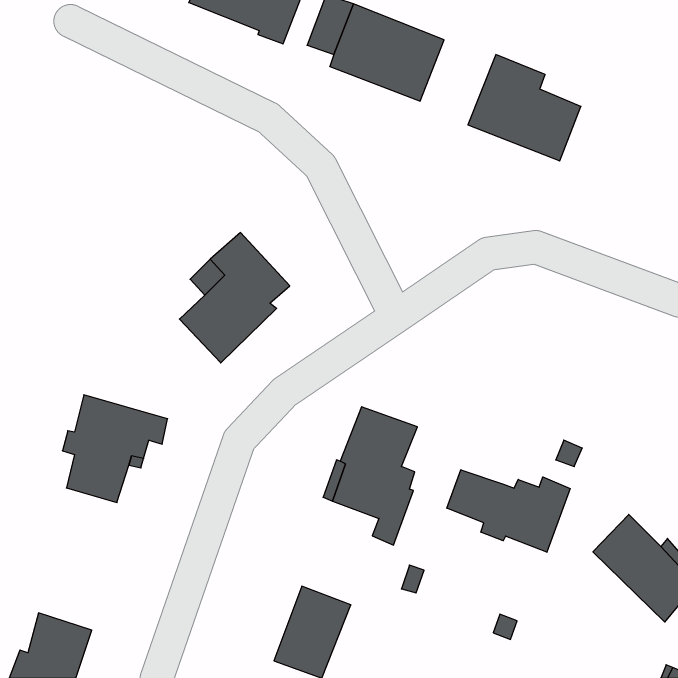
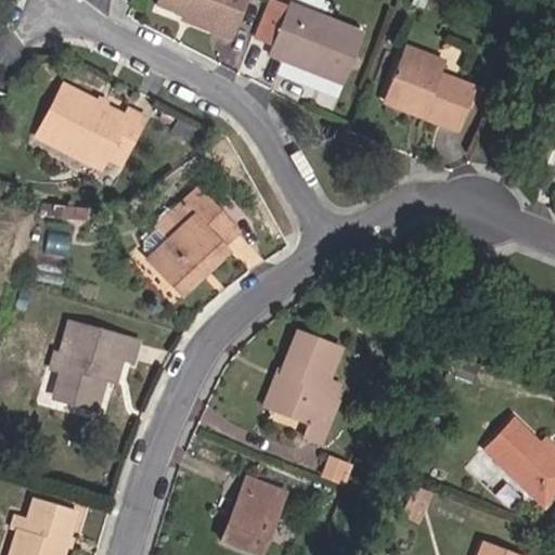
building: none -> [38,86,144,176]
building: [447,470,570,552] -> none

